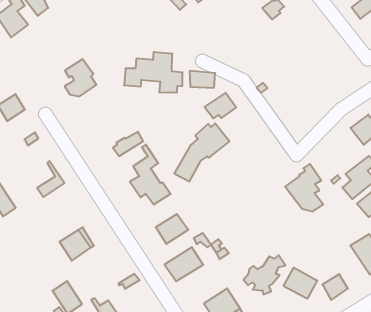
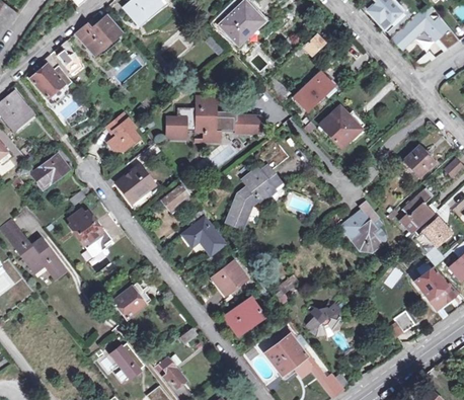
building: none -> [292,72,332,110]
building: none -> [320,107,364,147]
building: none -> [117,144,162,207]
building: none -> [69,211,104,249]
building: [284,268,317,299] -> none

